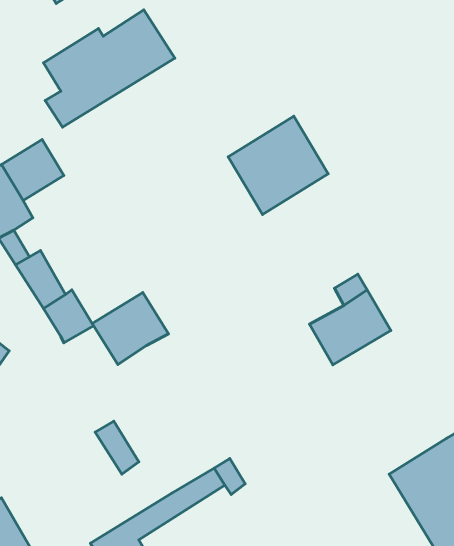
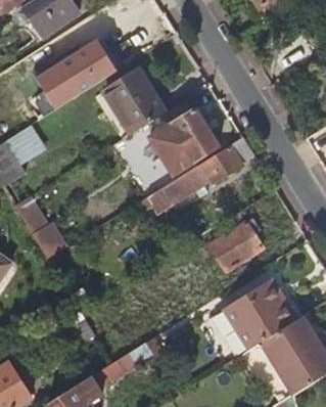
building: none -> [105,71,167,134]
building: none -> [121,137,253,219]
building: [92,293,169,365] -> none
building: none -> [225,281,297,350]

